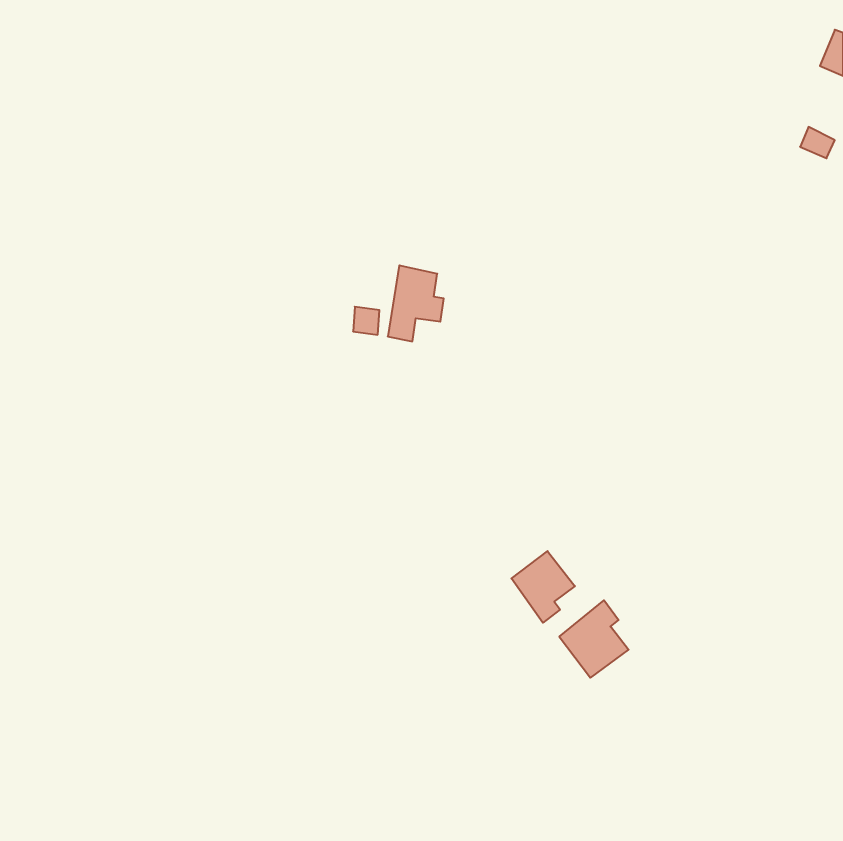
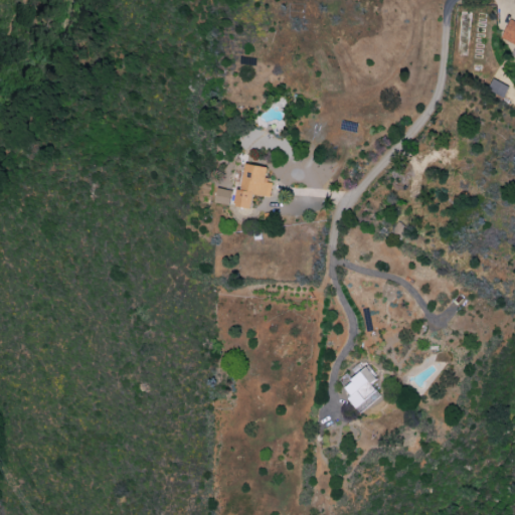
building: [511,551,575,623] -> none

